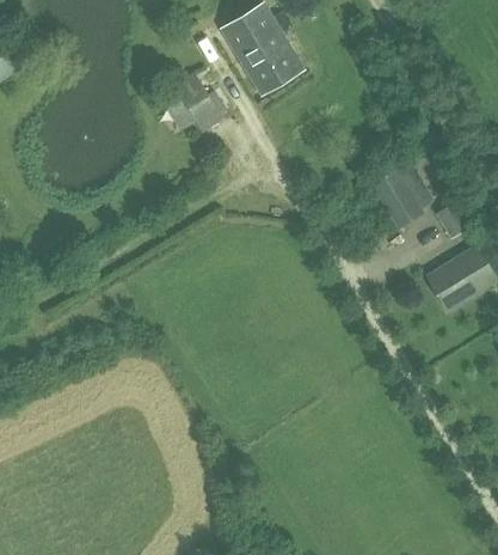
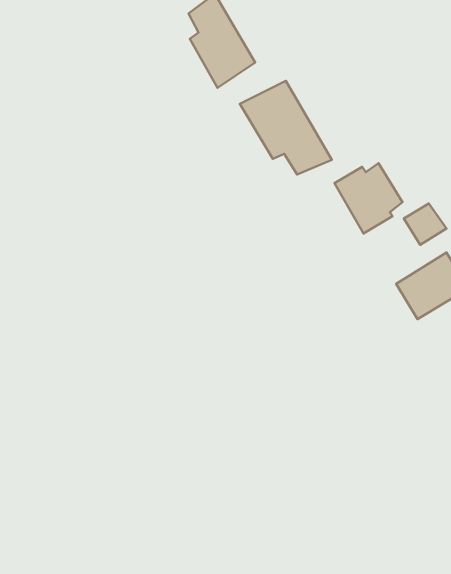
building: [173,72,223,133] -> none
building: none -> [240,81,332,174]

